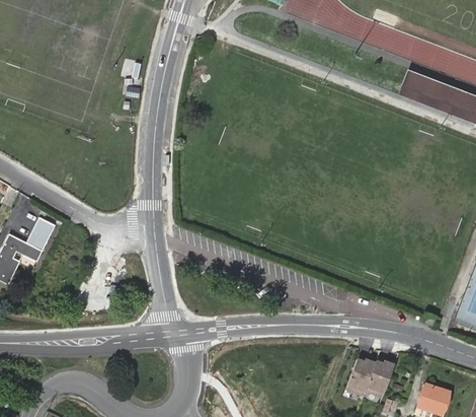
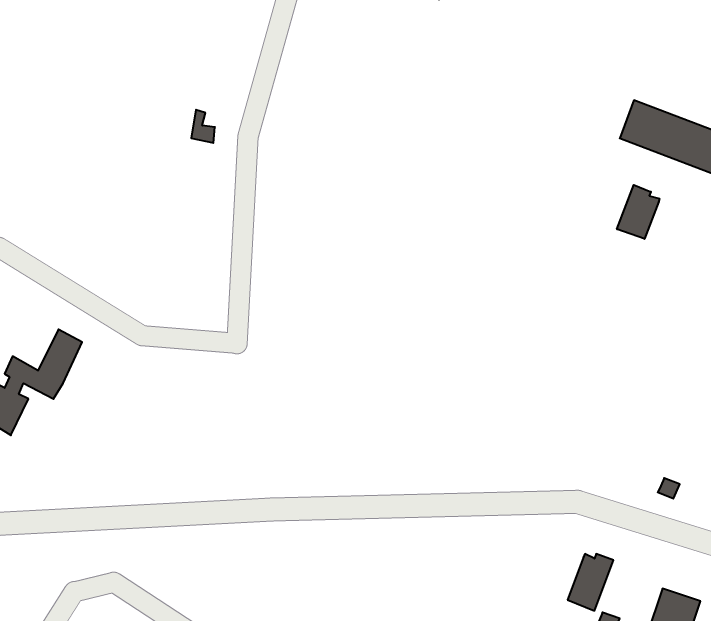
building: none -> [617,185,659,239]
building: [345,359,375,395] -> none

